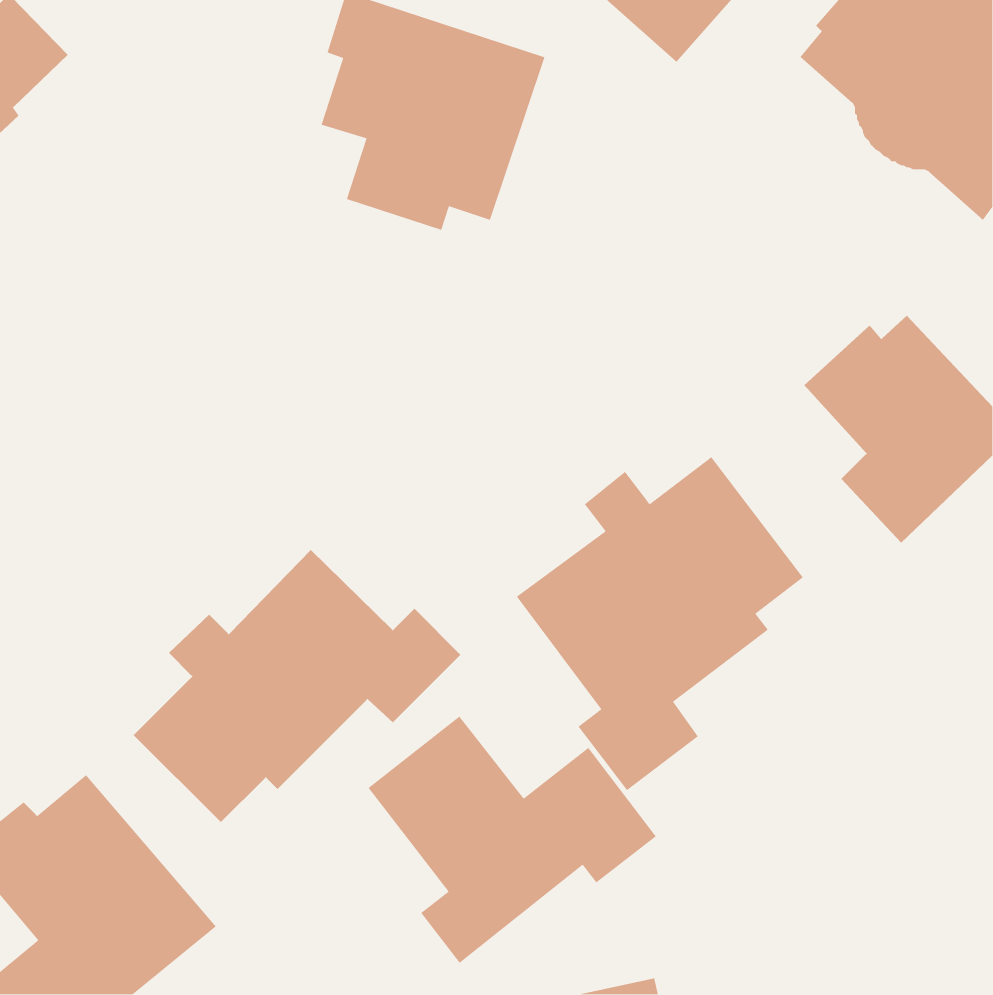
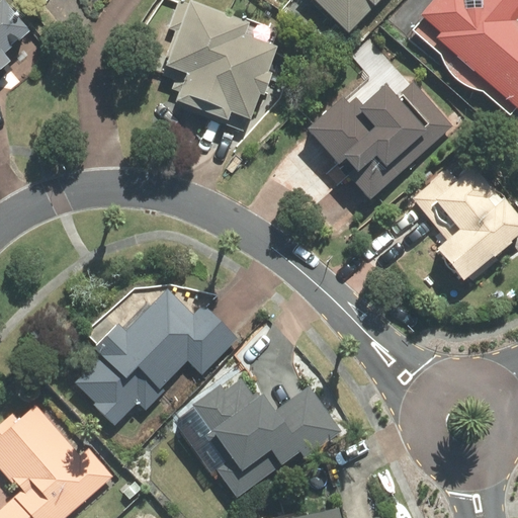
building: none -> [307,82,454,201]
building: [516,456,804,791] -> none

